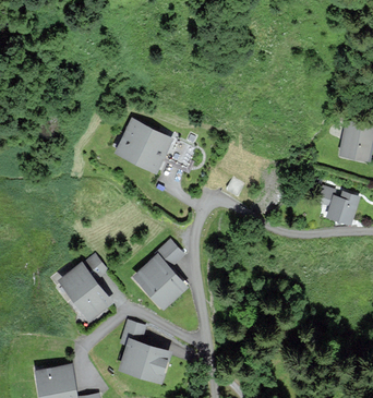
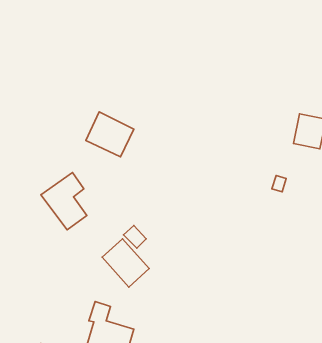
building: [326,193,358,225] -> none
building: [60,257,109,318] -> [41,172,87,230]

